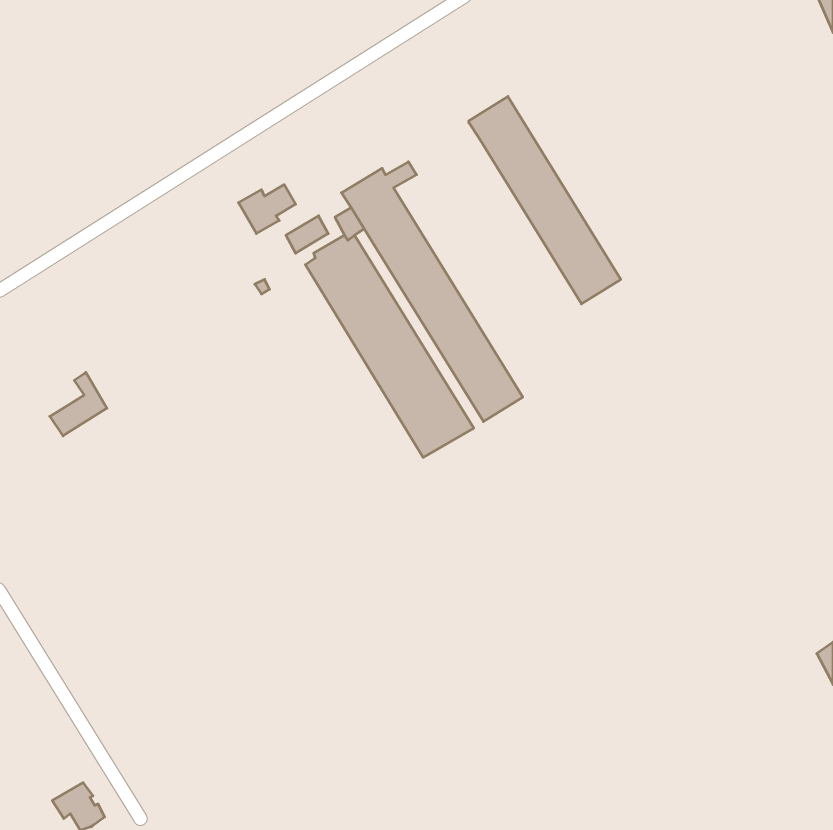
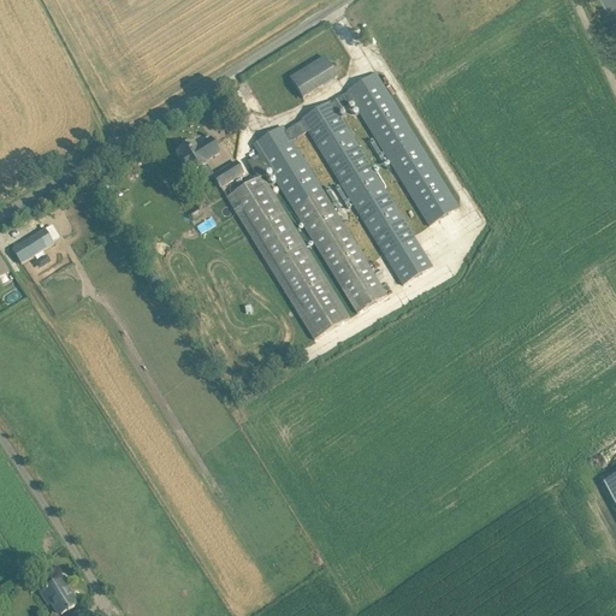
building: none -> [289,54,337,96]
building: none -> [300,90,431,283]
building: [50,372,107,436] -> [11,215,53,262]

